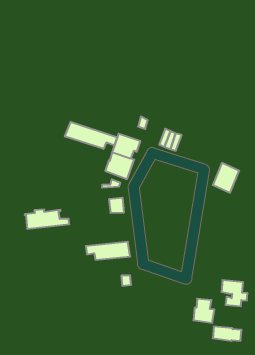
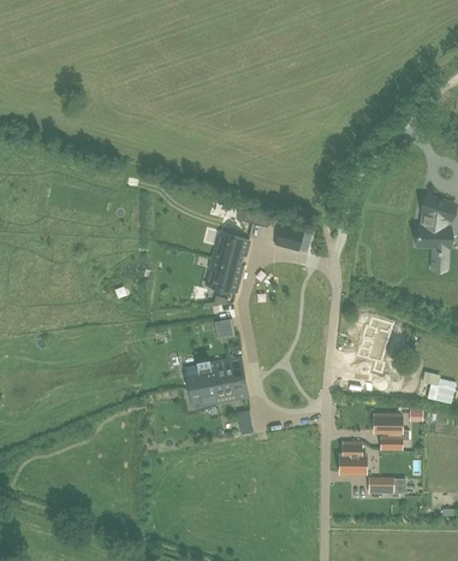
building: [65,122,117,149] -> none
building: [213,163,239,193] -> [357,325,391,364]
building: [25,209,69,229] -> [184,358,244,386]

